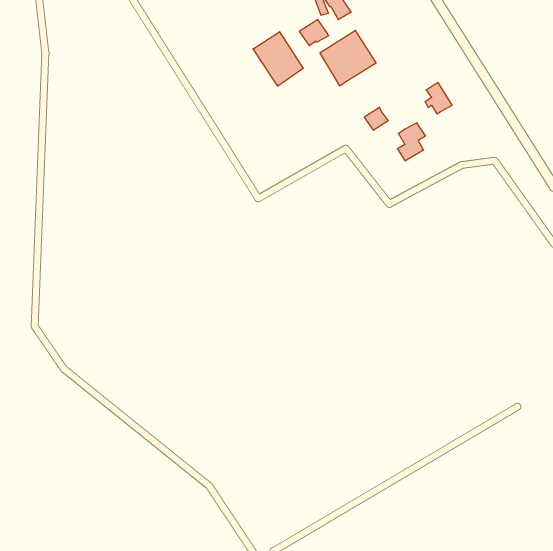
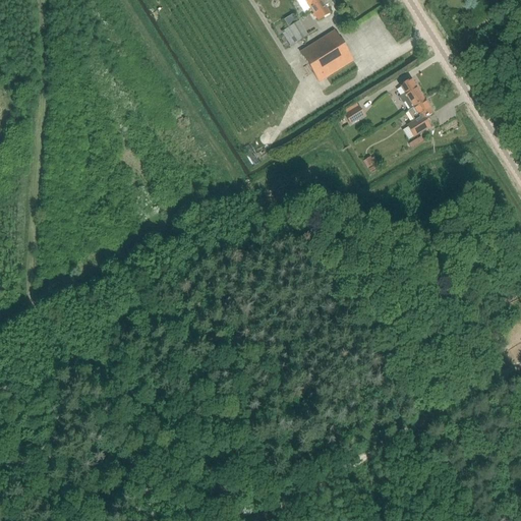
building: [253,32,303,86] -> none
building: [397,123,426,161] -> [407,99,433,134]

